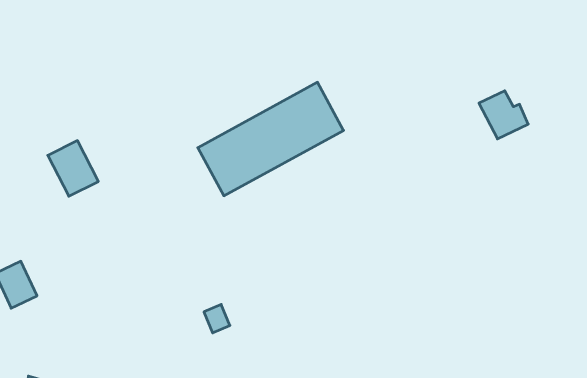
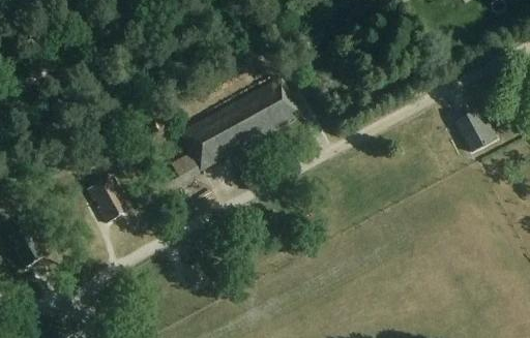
building: [479,91,528,139] -> [457,111,498,151]
building: [48,141,98,196] -> [90,176,132,222]

